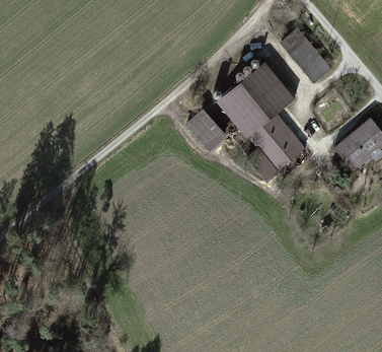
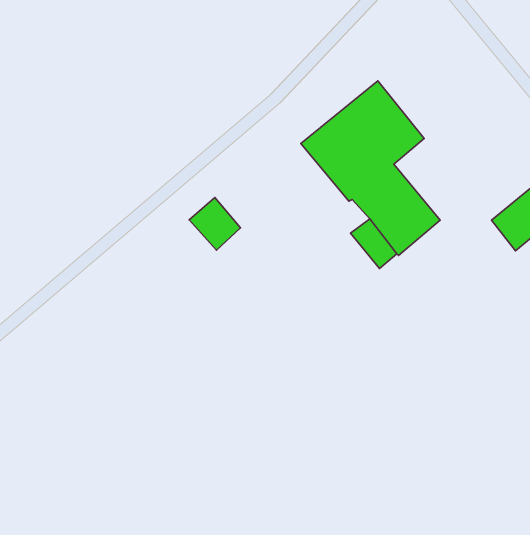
building: [281,28,330,82] -> none
building: [185,113,218,146] -> [189,197,240,250]

